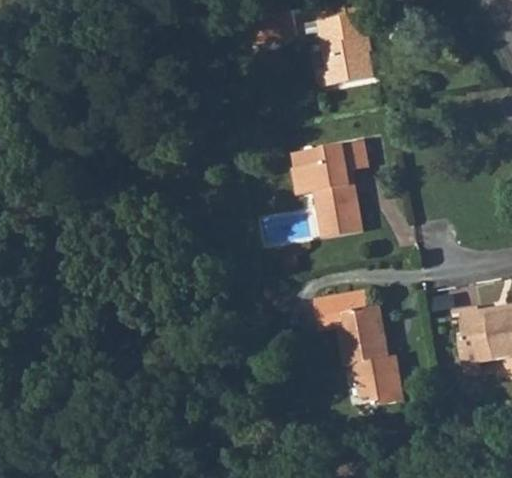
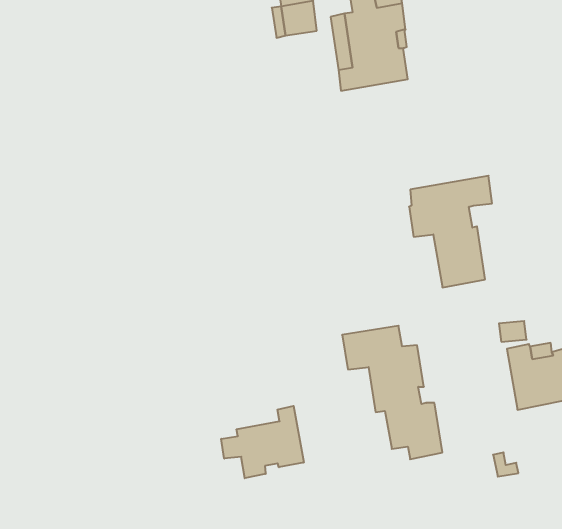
building: [293,141,365,238] -> [409,176,492,287]
building: none -> [221,406,304,478]

